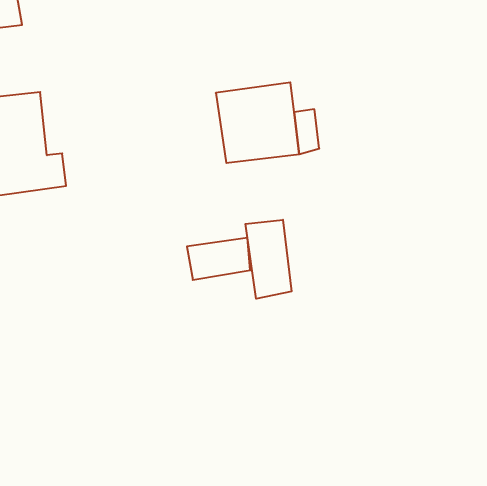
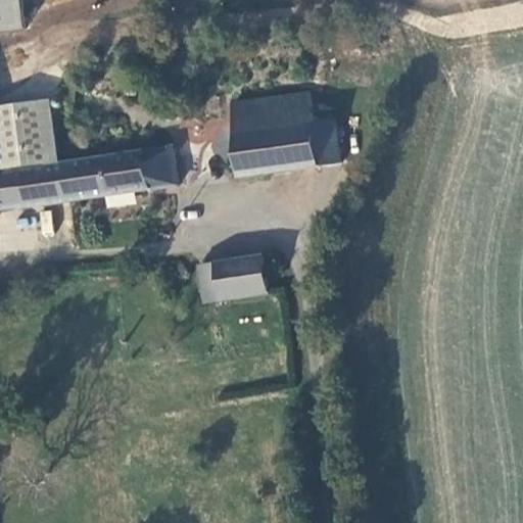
building: none -> [66,150,178,198]
building: [245,220,292,299] -> none

